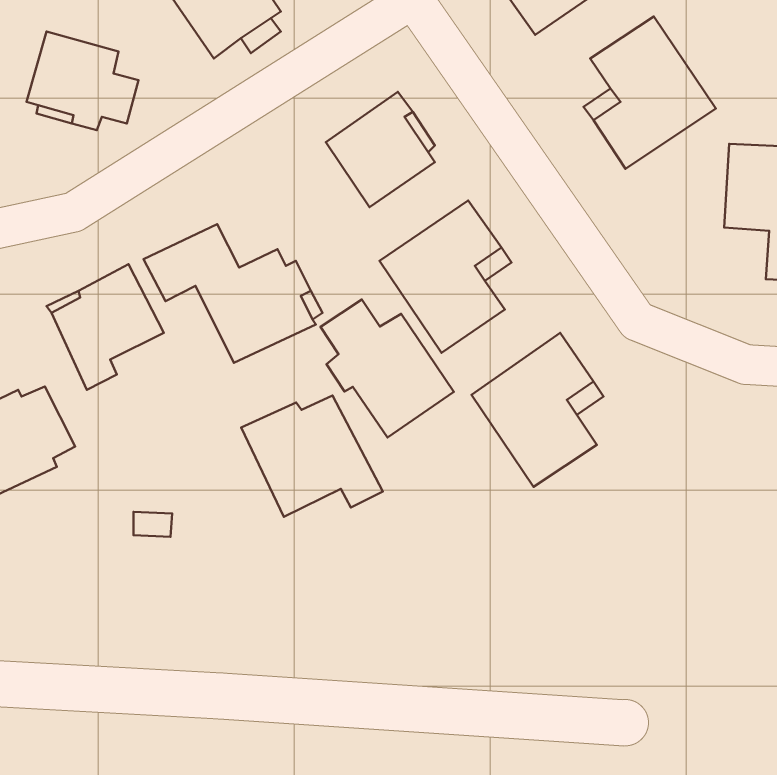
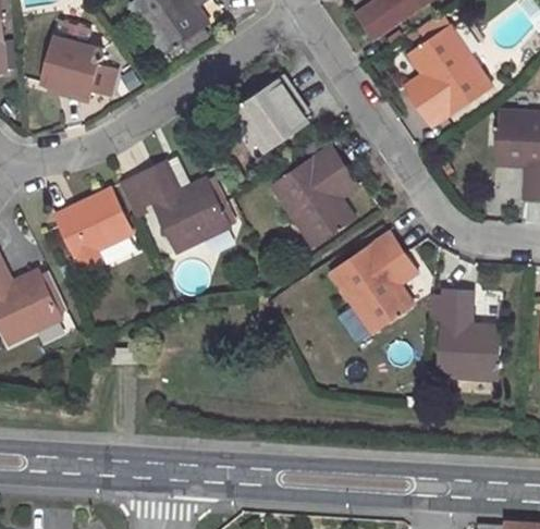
building: [320,299,454,438] -> none
building: [241,395,383,517] -> none
building: none -> [438,291,500,381]

